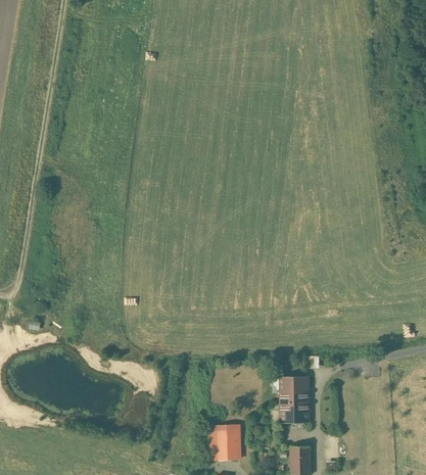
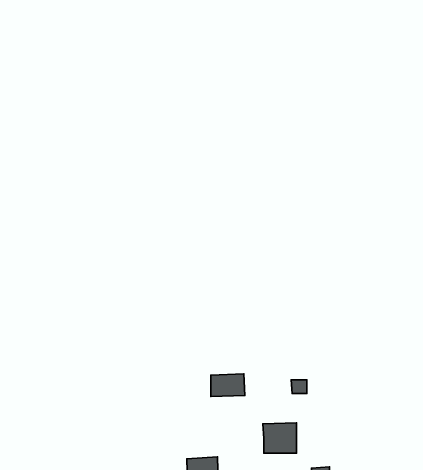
building: [279,376,310,396] -> [211,374,245,397]

